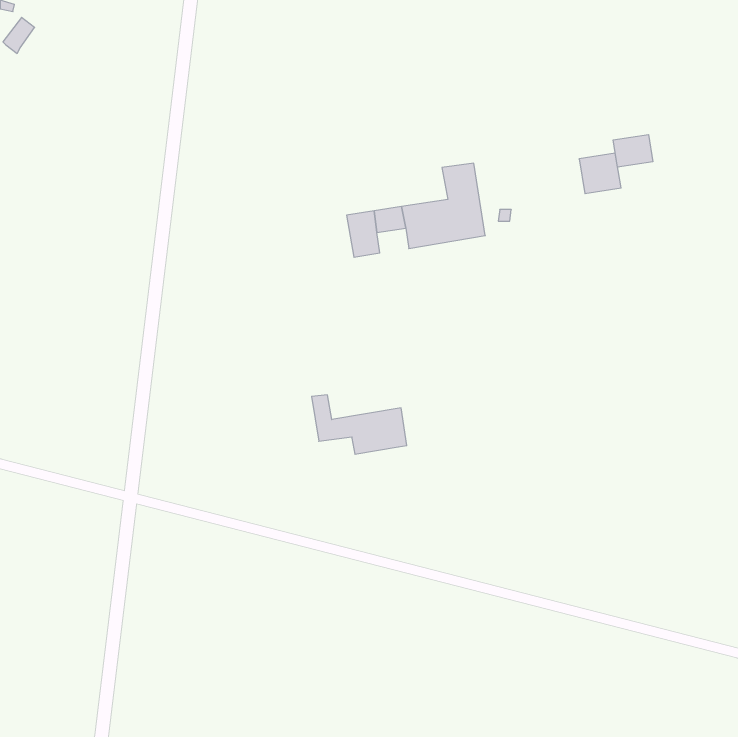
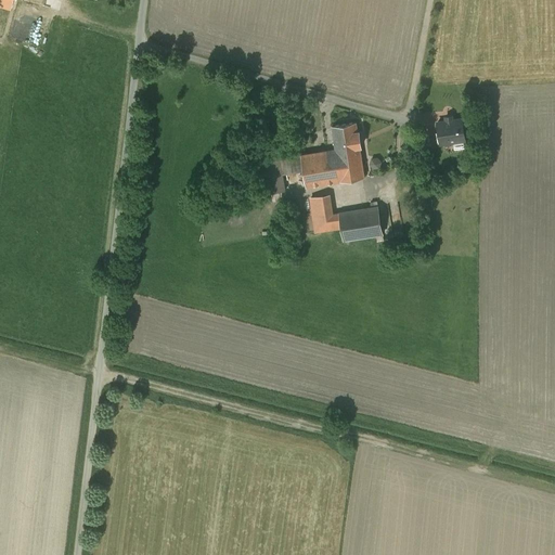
building: [613,135,653,167] -> none
building: [312,395,407,454] -> [311,197,383,242]

